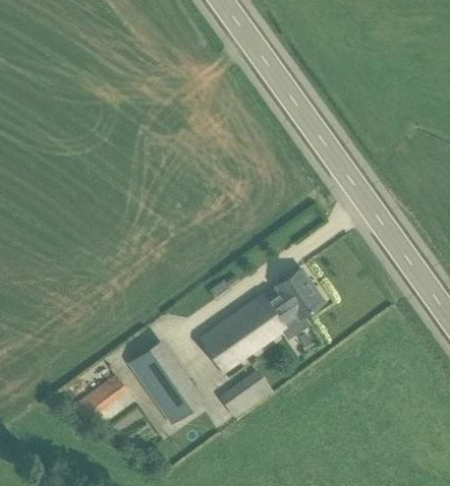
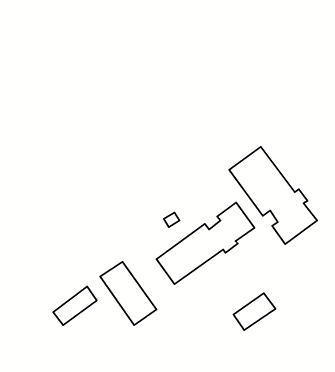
building: none -> [229,147,317,244]
building: [221,373,273,419] -> [233,293,275,330]

